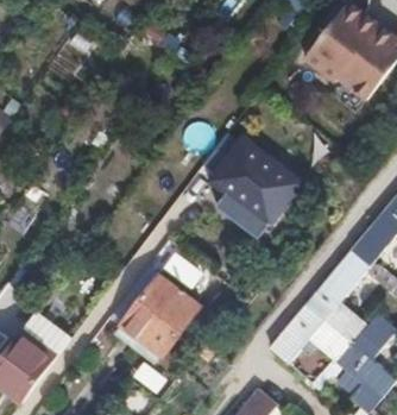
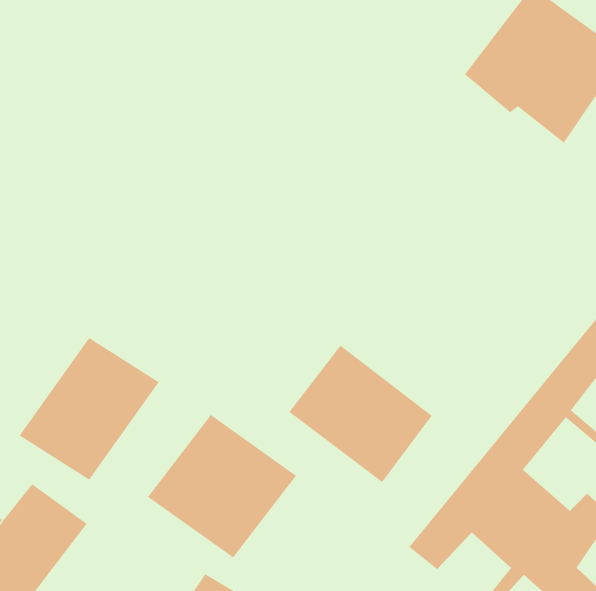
building: [209,138,298,224] -> [288,345,433,483]
building: none -> [19,337,160,481]

